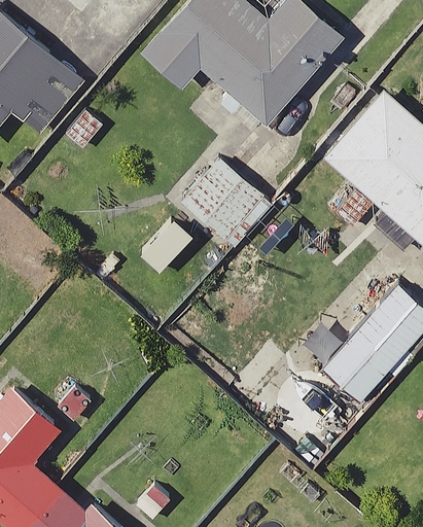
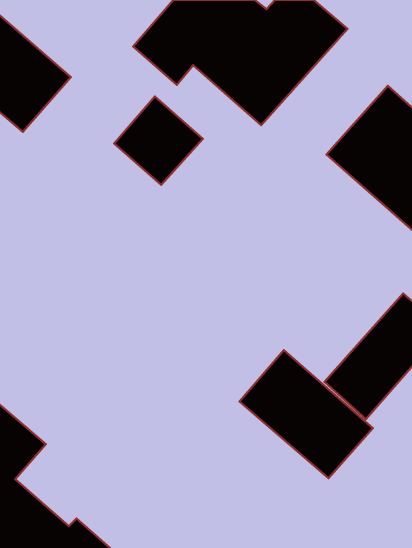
building: [180,159,263,242] -> [114,96,203,185]
building: none -> [240,350,373,478]

